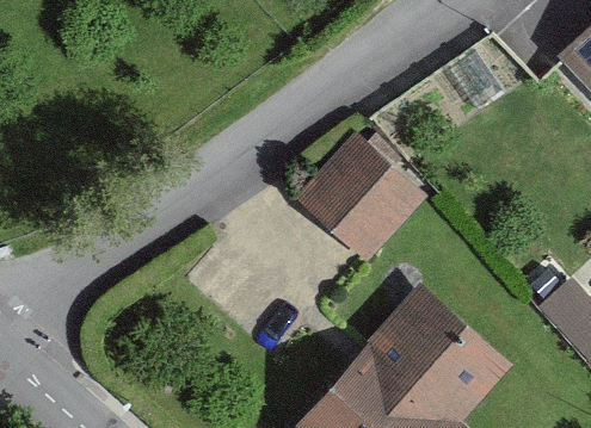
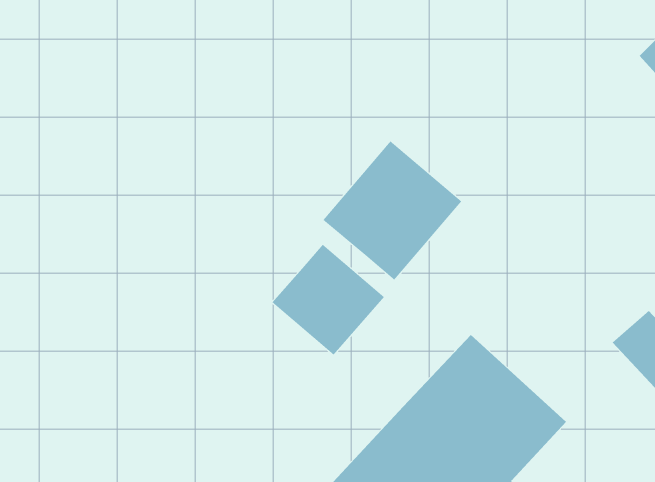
building: none -> [272,244,385,356]

